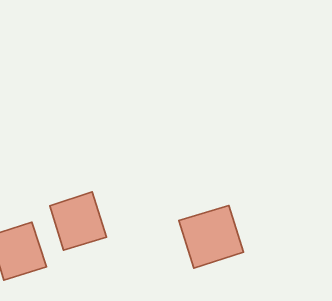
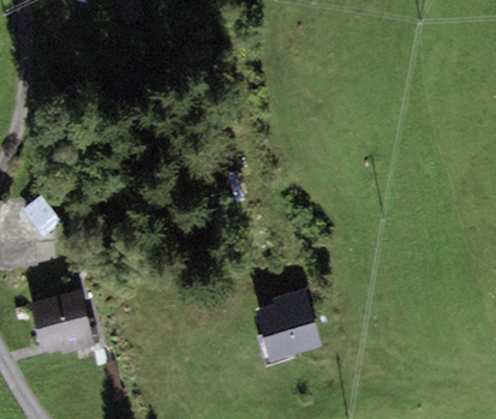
building: [50,192,107,250] -> none

